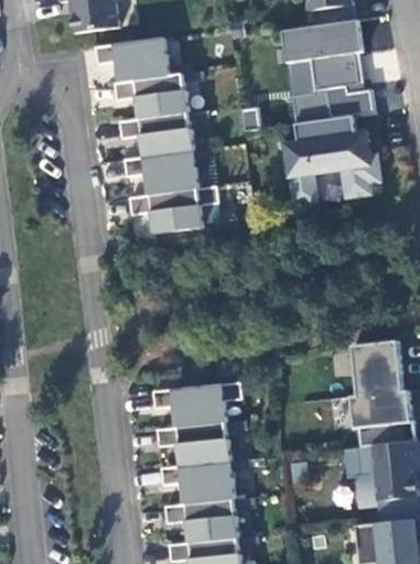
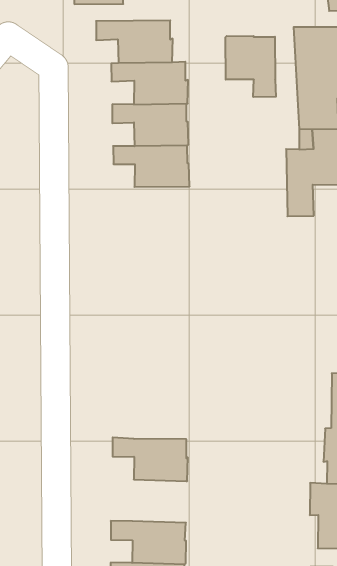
building: none -> [226,36,276,97]
building: [131,186,220,234] -> none
building: [155,382,244,427] -> none
building: [163,460,237,503] -> none

